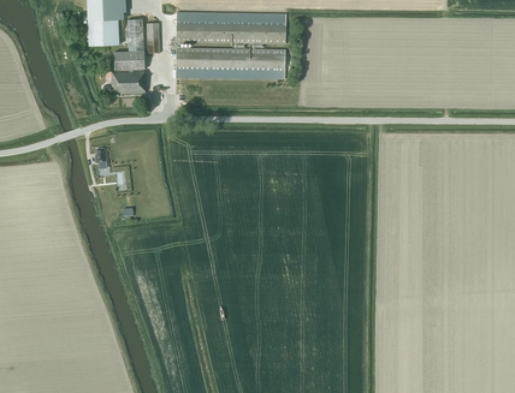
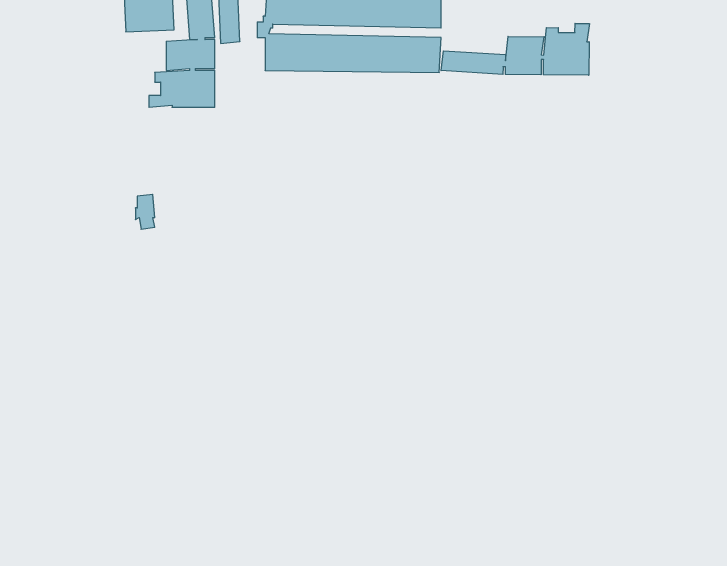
building: none -> [441,23,589,75]

